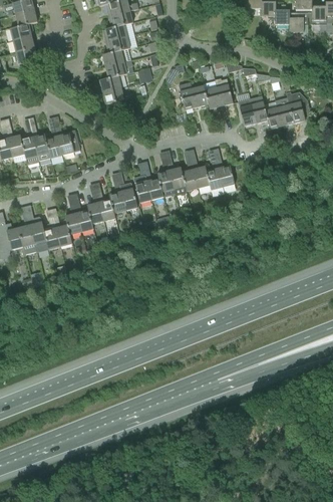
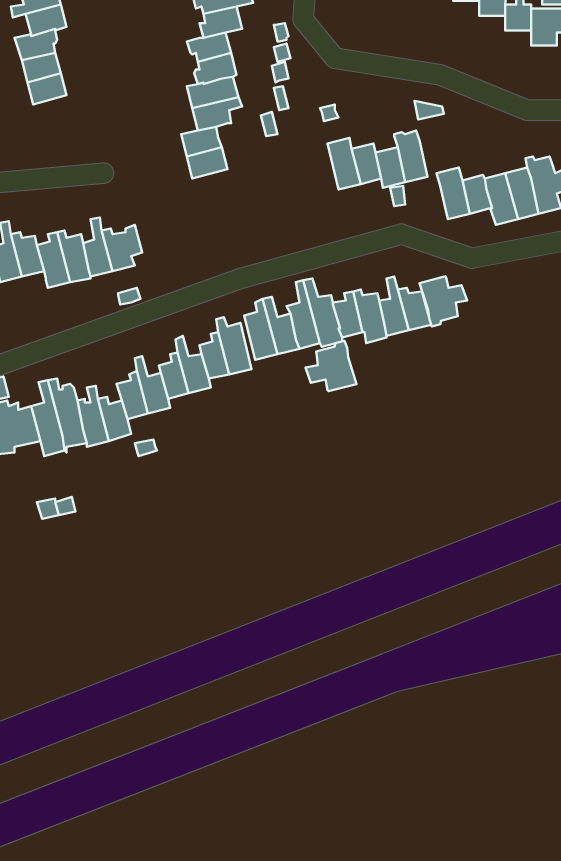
building: none -> [420,276,467,326]
building: none -> [305,341,357,391]

